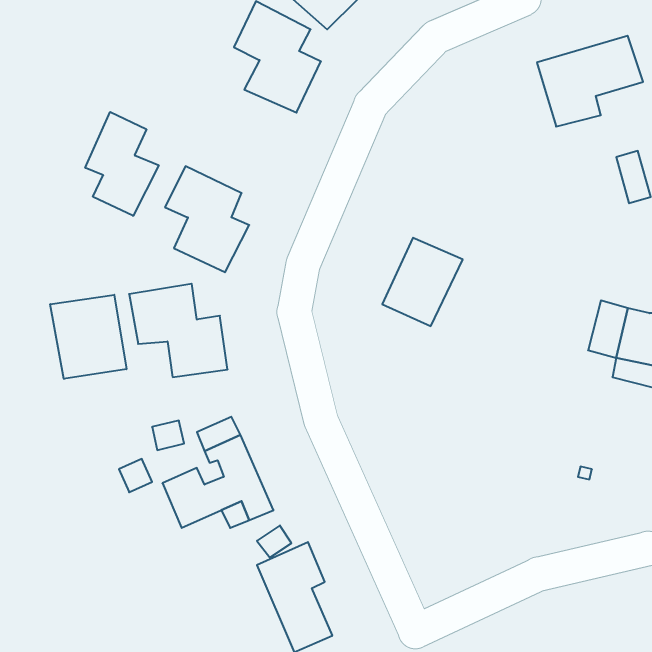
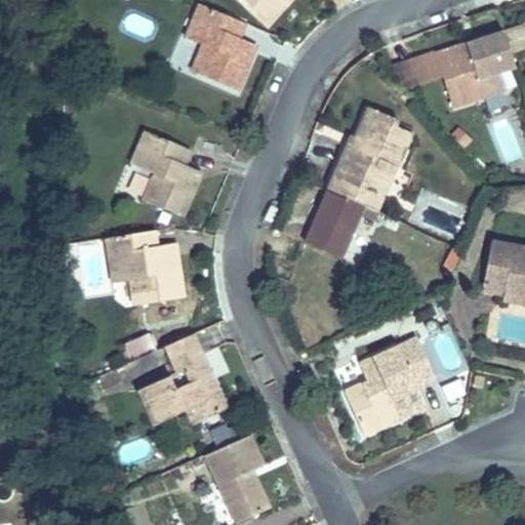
building: none -> [390,50,438,81]
building: [85,112,159,216] -> none
building: none -> [332,108,417,212]
building: [50,295,126,379] -> none
building: none -> [338,336,428,432]

